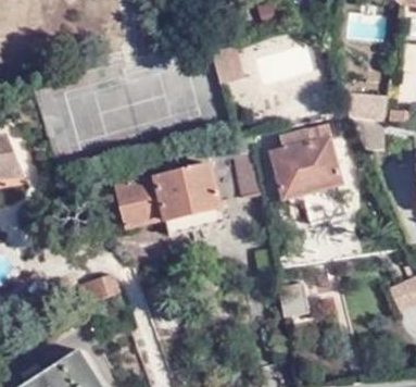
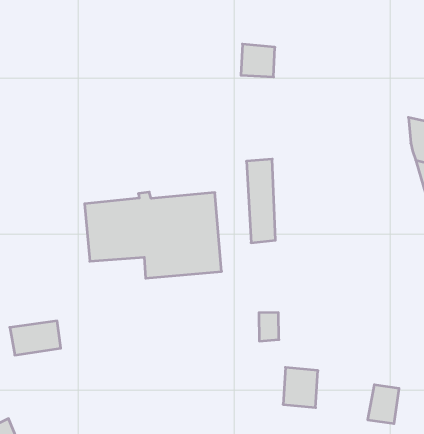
building: [266,125,342,212] -> none

